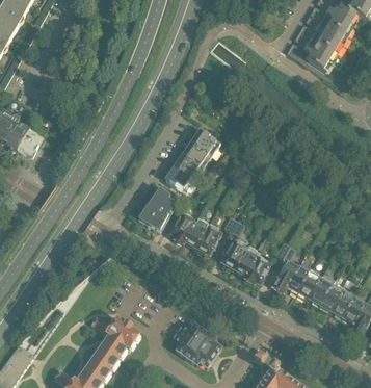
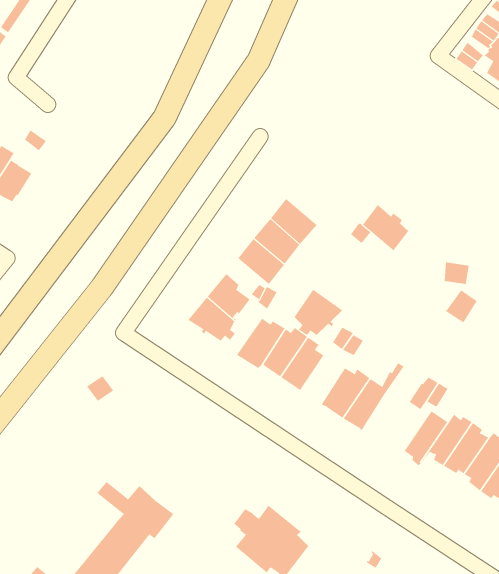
building: [191,128,219,155] -> [362,204,409,251]
building: none -> [294,289,343,336]
building: [244,253,270,285] -> none

